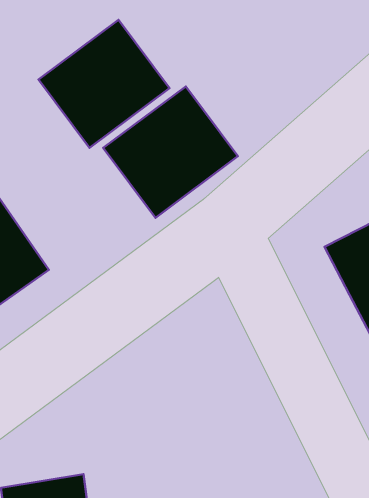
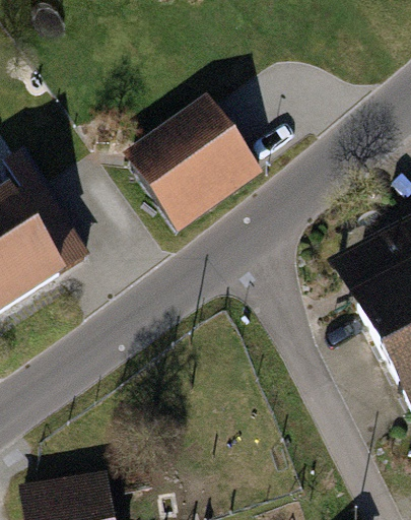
building: [38,20,169,148] -> none

